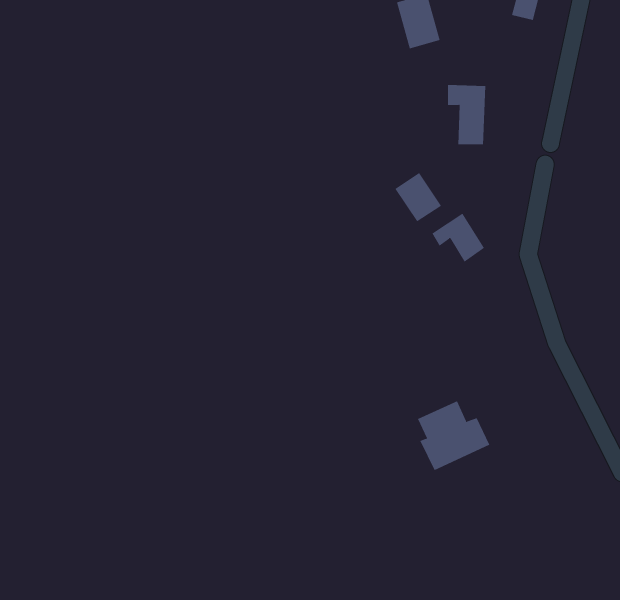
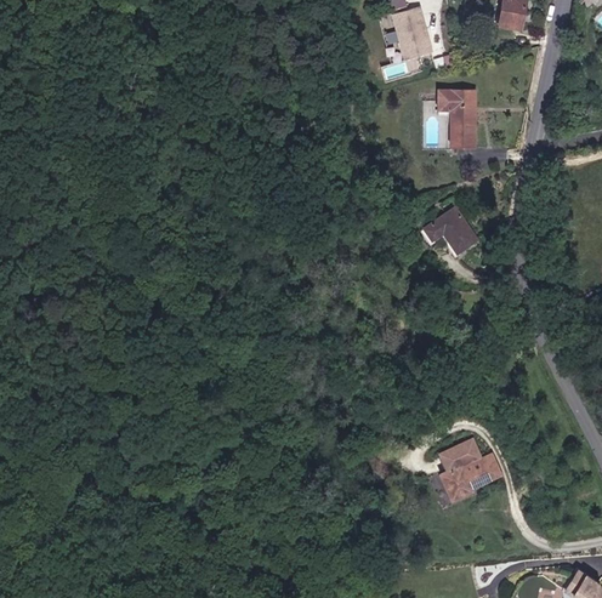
building: [395,172,442,222] -> none
building: [417,400,490,471] -> [437,437,505,502]

